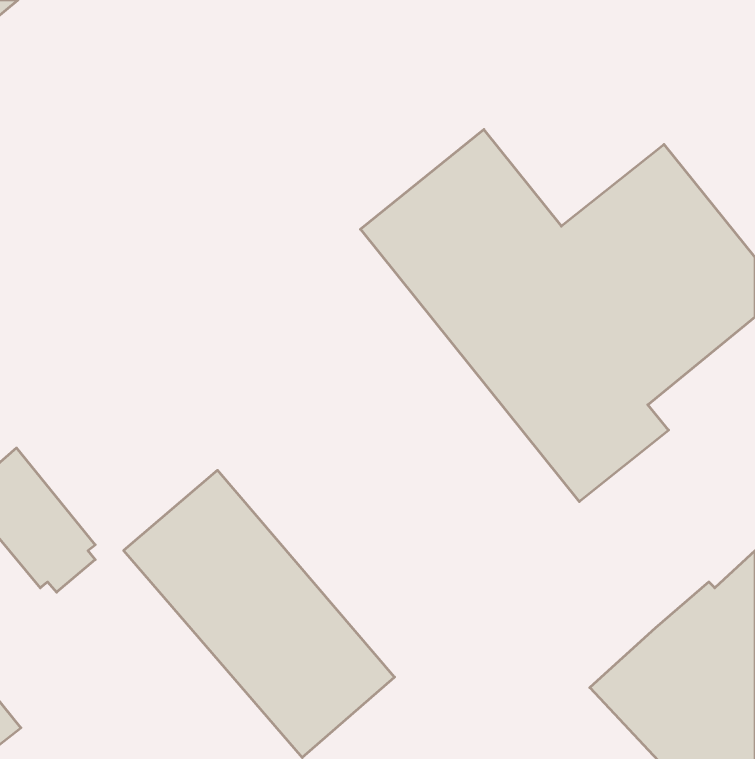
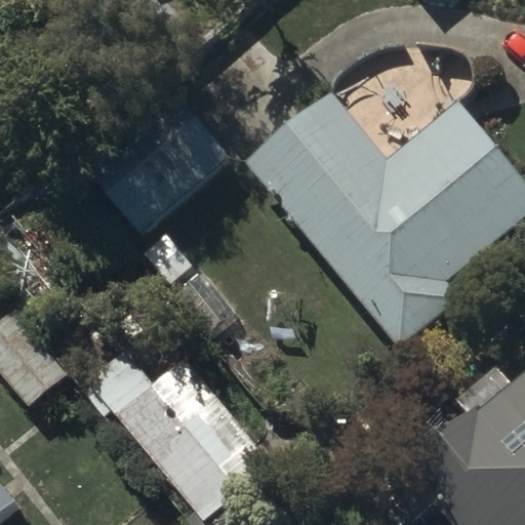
building: none -> [89,96,226,229]

